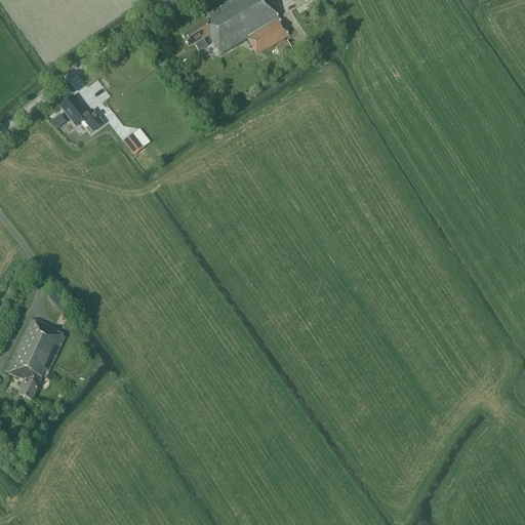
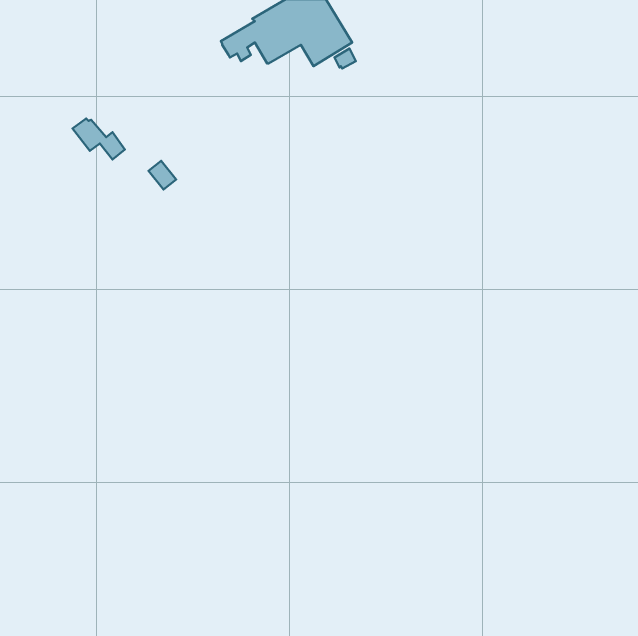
building: [5,320,65,401] -> none

